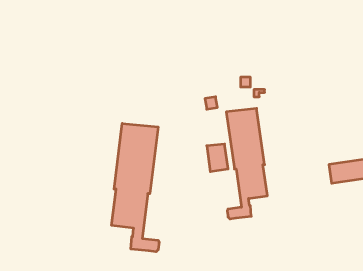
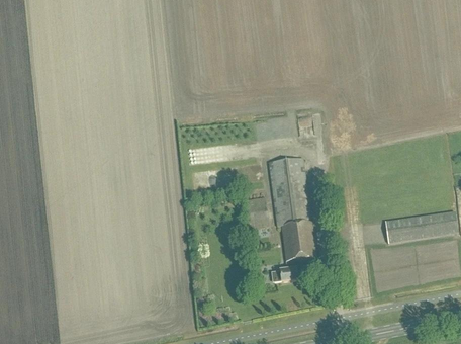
building: [112,123,159,252] -> none

